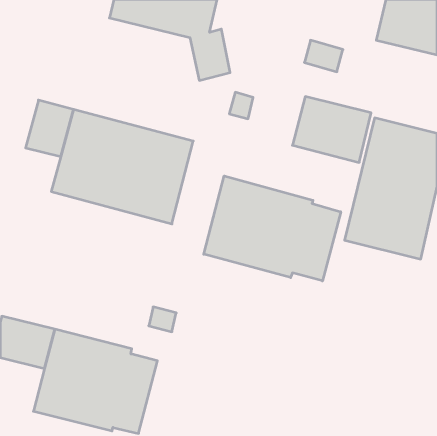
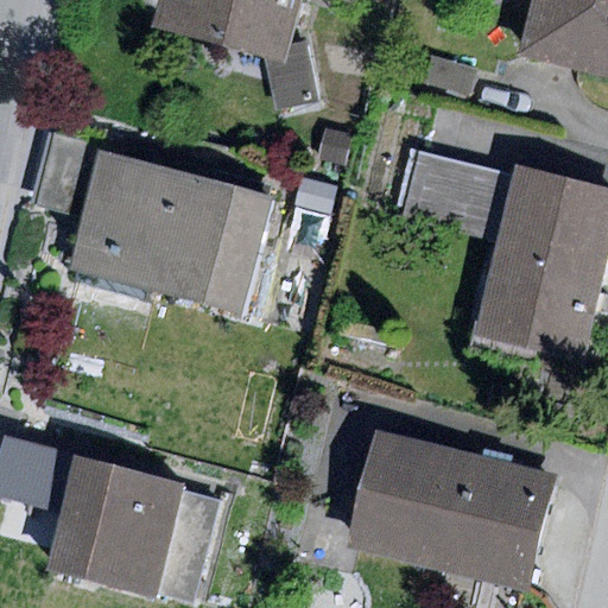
building: [204,176,341,281] -> none
building: none -> [350,431,551,588]

